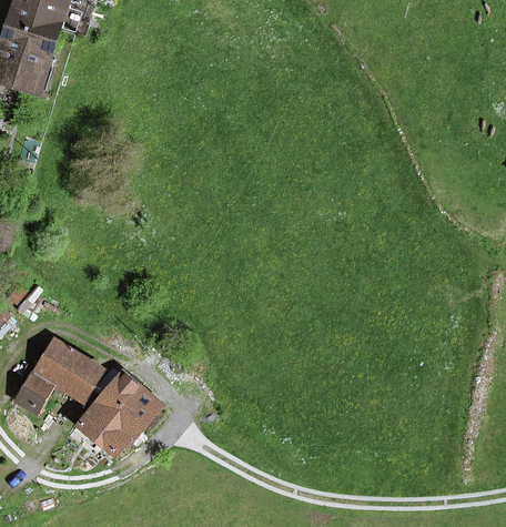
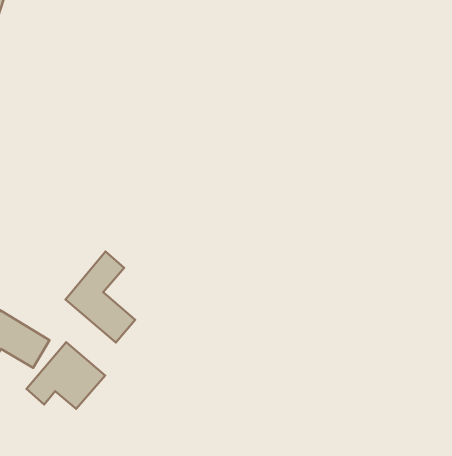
building: none -> [66,252,135,343]

